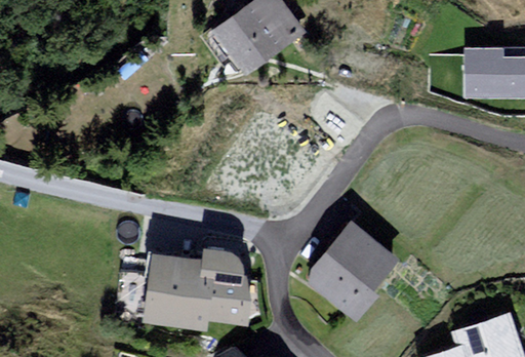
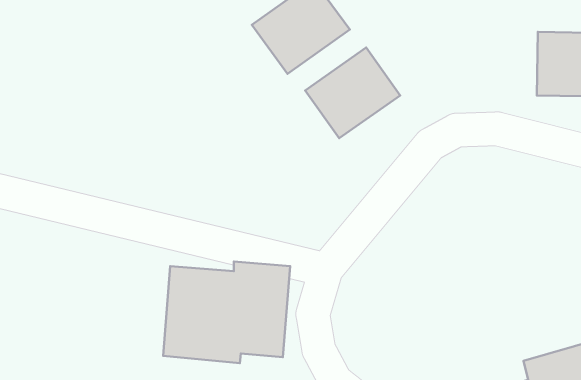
building: none -> [305,48,400,138]
building: [301,216,402,319] -> none

